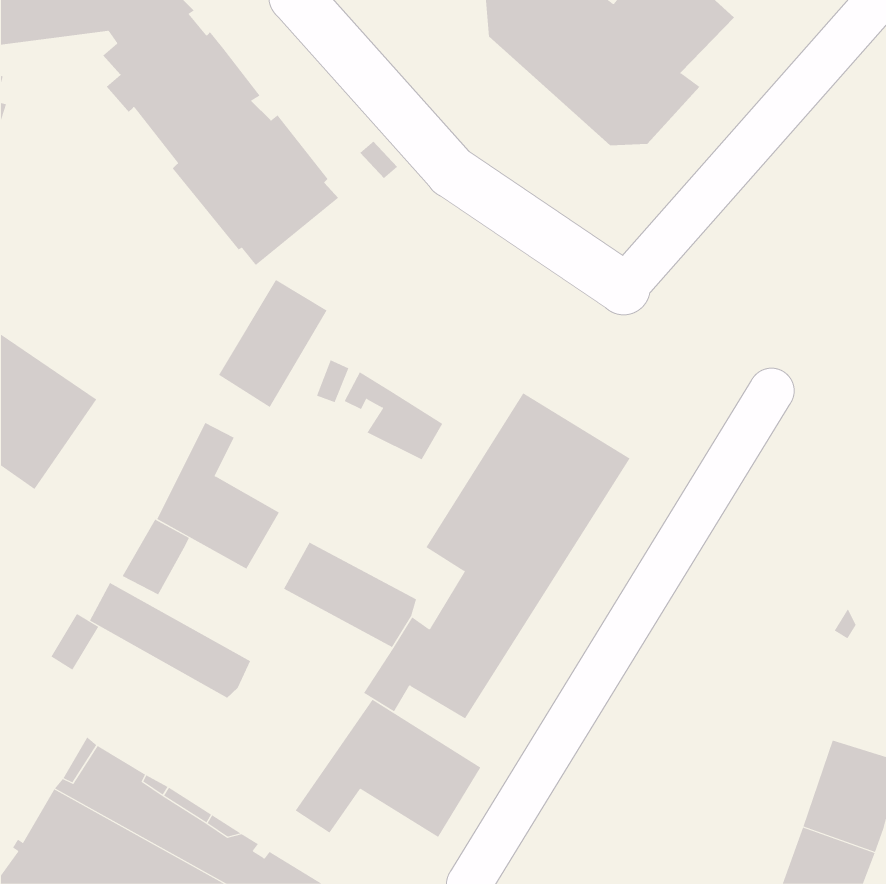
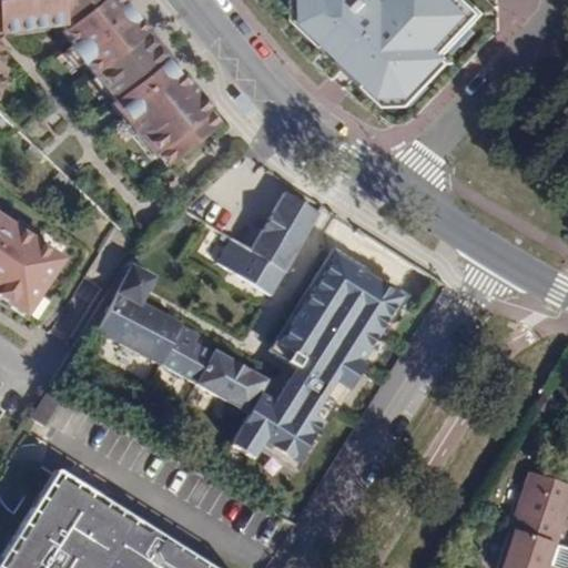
building: [218,279,327,408] -> [251,189,321,271]
building: [122,519,190,595] -> [159,327,202,376]
building: [89,582,251,698] -> none
building: [295,699,481,838] -> none

